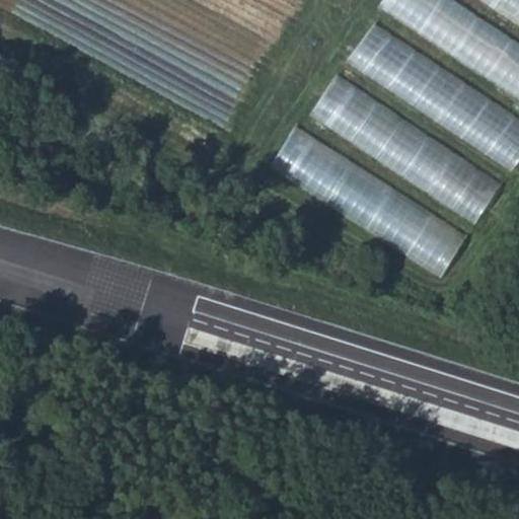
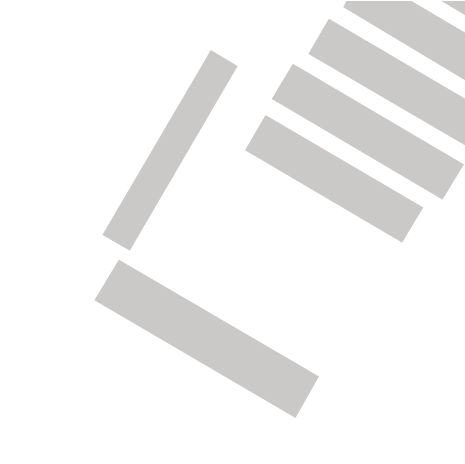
building: none -> [101,49,239,252]
building: none -> [93,259,320,419]

